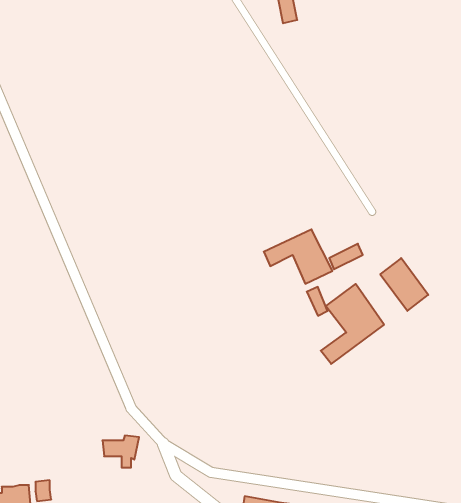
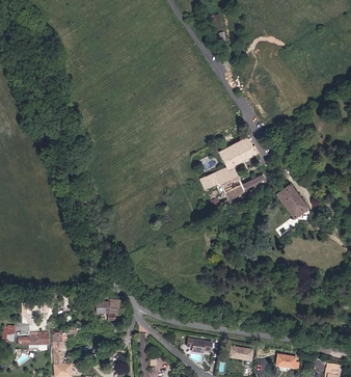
building: none -> [225,138,255,164]
building: [321,284,384,364] -> none

